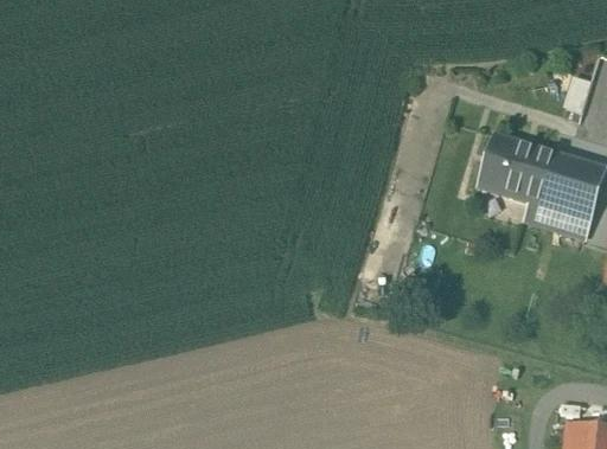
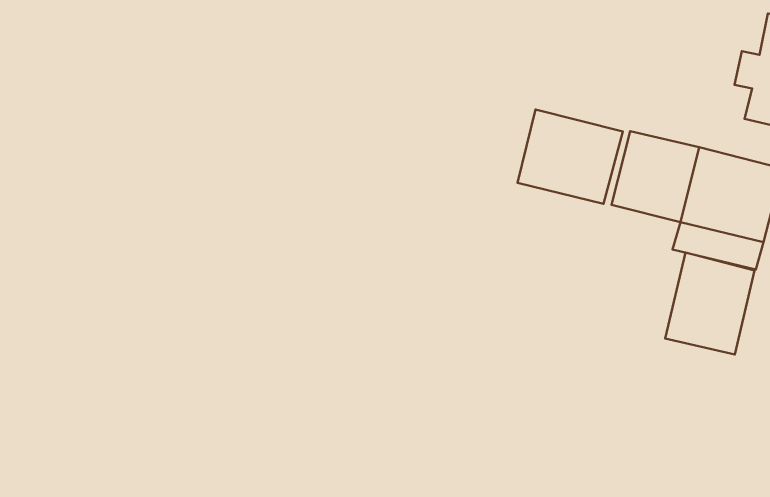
building: none -> [518,110,623,204]
building: none -> [665,253,754,355]

